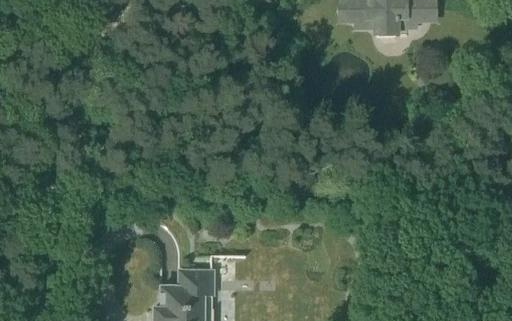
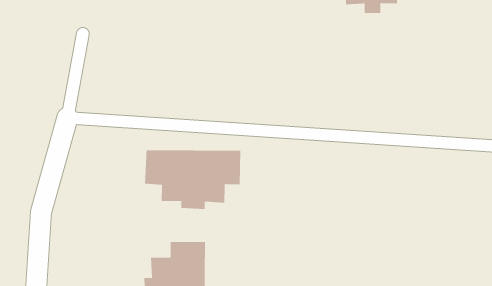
building: none -> [145,149,241,210]

